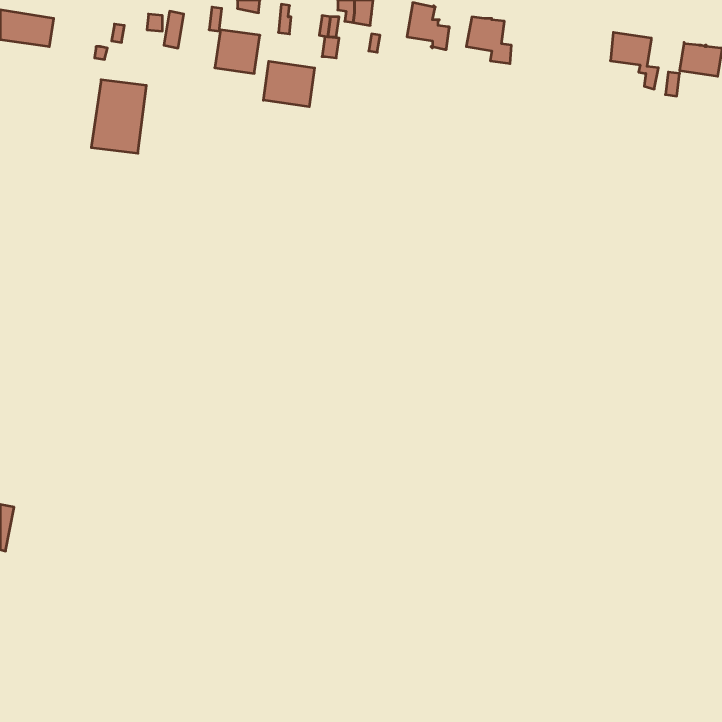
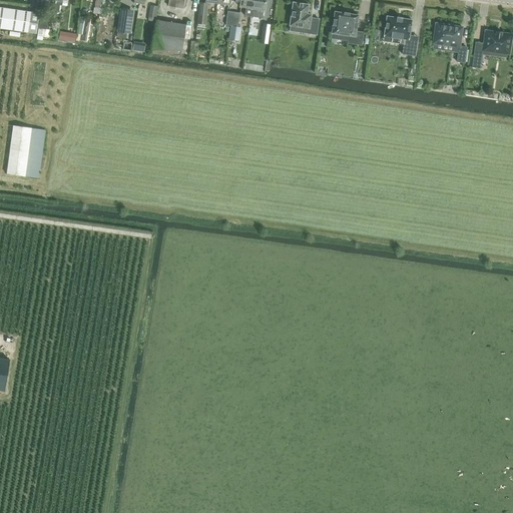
building: none -> [384,16,417,56]
building: [263,61,315,107] -> none
building: [91,80,146,153] -> [6,126,45,178]

